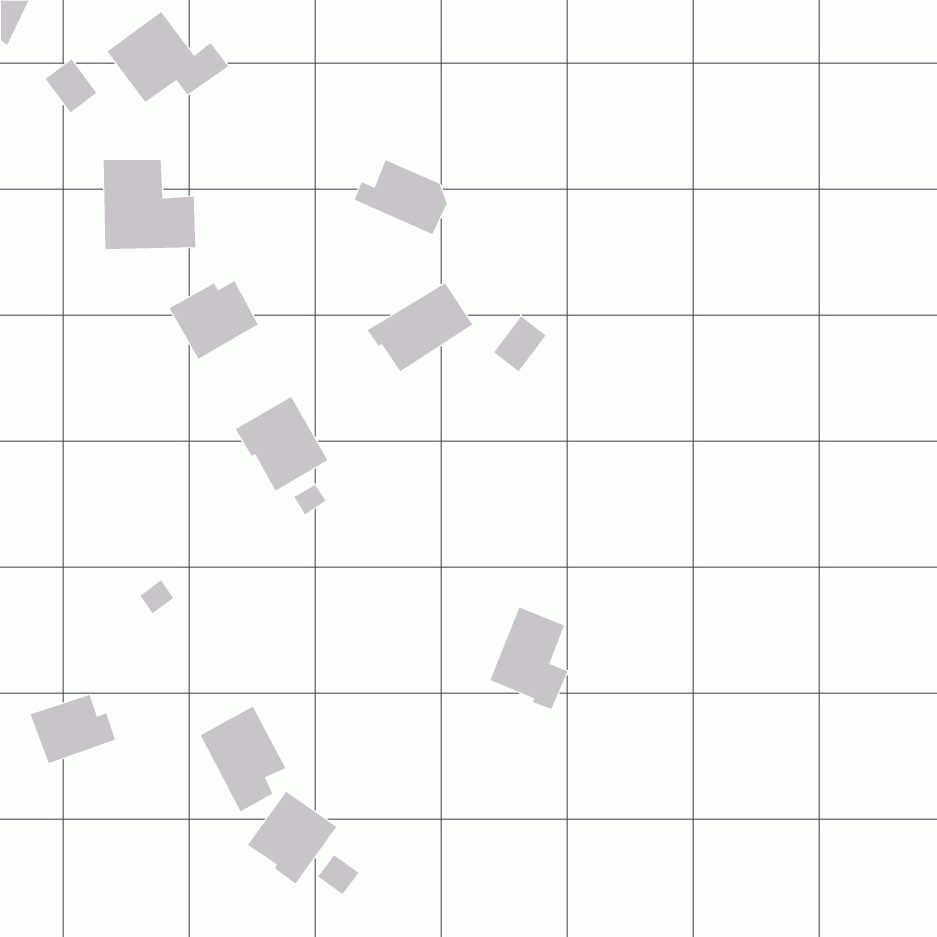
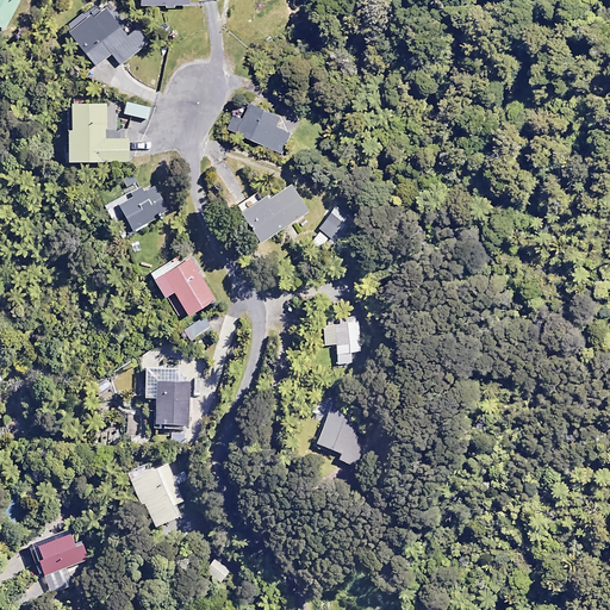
building: [45,58,97,114] -> none
building: none -> [323,319,366,363]
building: none -> [142,367,189,425]
building: [30,694,116,764] -> [31,533,87,578]
building: [247,791,337,885] -> none

